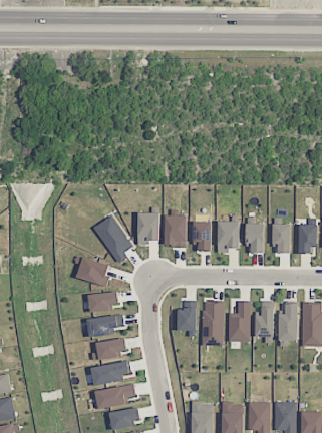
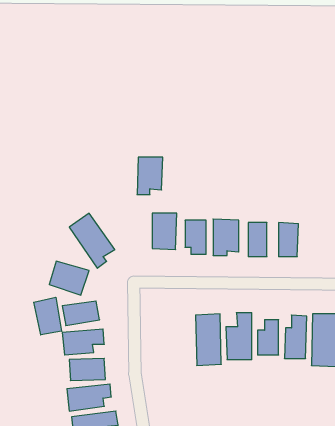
building: [137,212,159,245] -> [137,157,163,195]
building: [298,224,316,254] -> none
building: none -> [34,297,62,335]
building: [178,308,196,337] -> none

